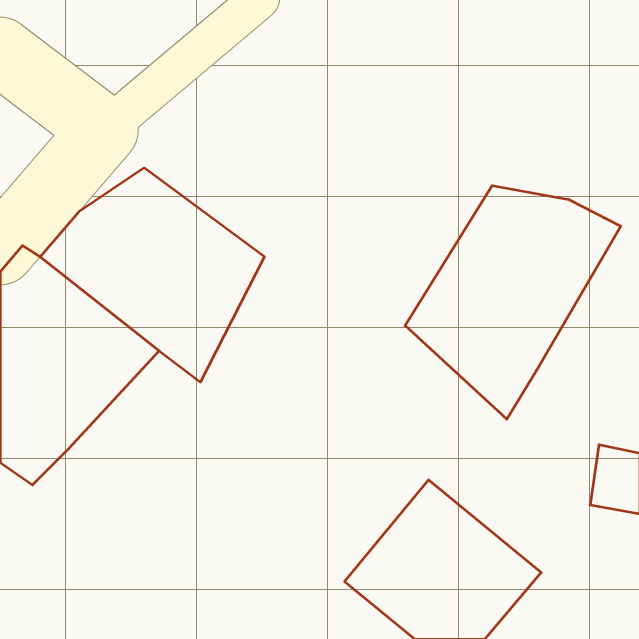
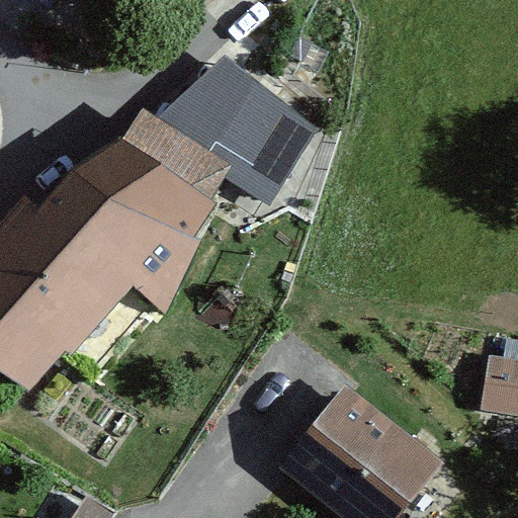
building: none -> [146,56,318,205]
building: [405,186,621,419] -> none

